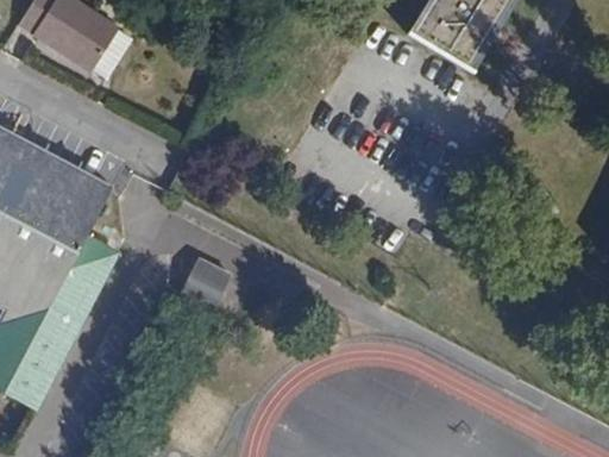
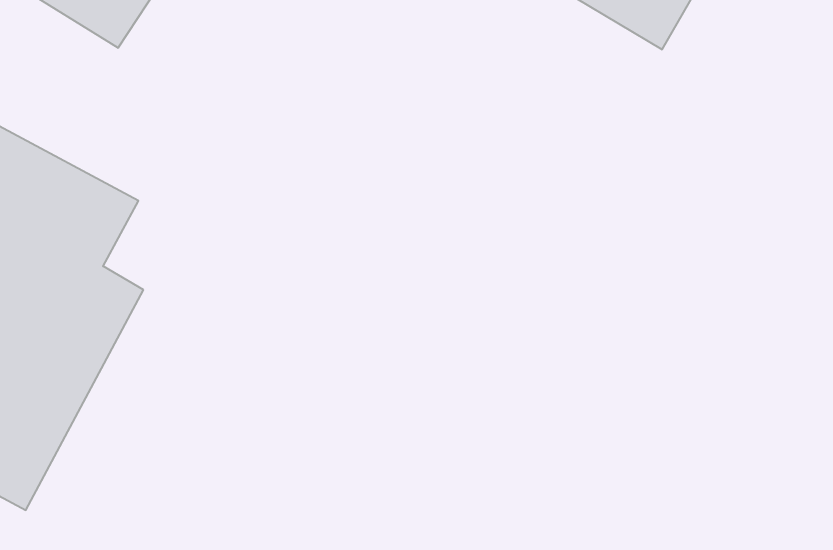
building: [180,261,238,319] -> none

